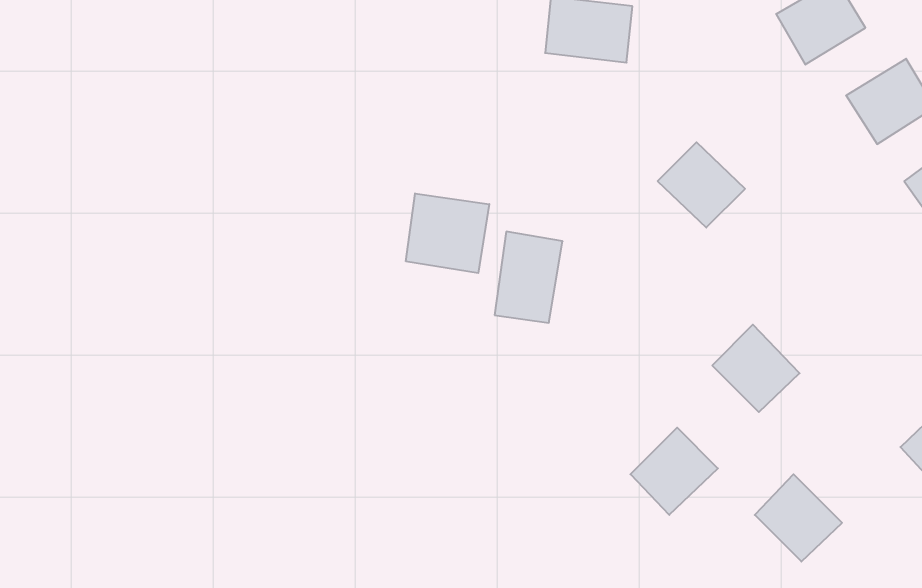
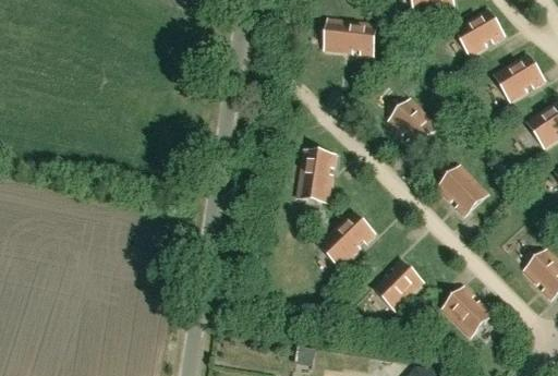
building: [406,193,489,273] -> none
building: [712,325,800,412] -> [437,166,486,215]
building: none -> [317,211,373,267]

